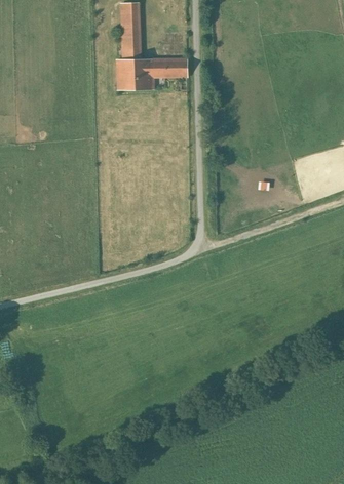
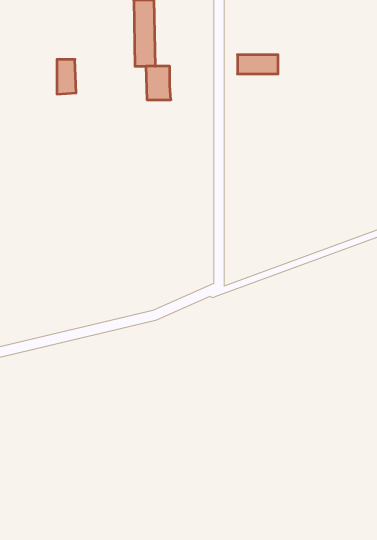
building: [116,58,132,88] -> [57,59,76,94]
building: [152,58,187,75] -> [237,55,278,74]

